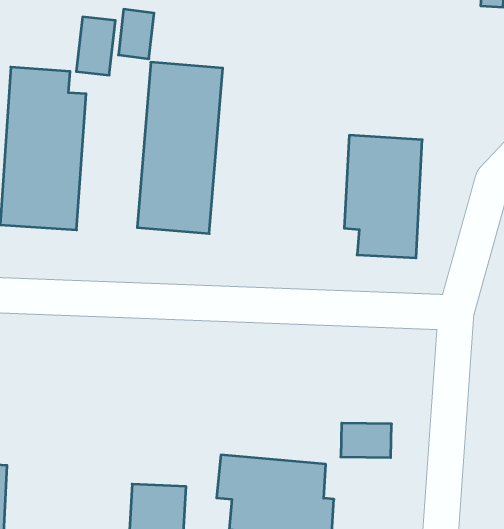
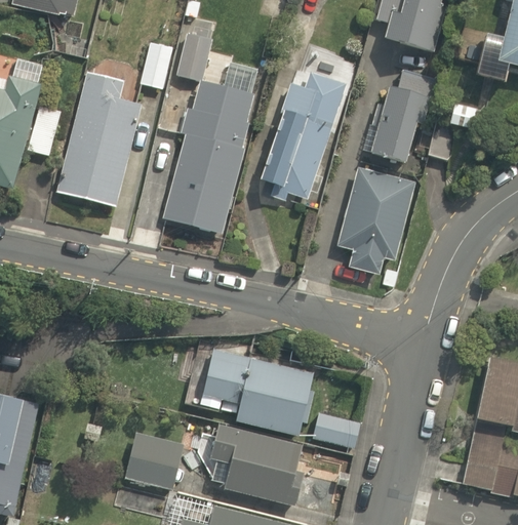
building: none -> [265,71,350,199]
building: none -> [368,86,435,174]
building: none -> [195,345,309,432]

